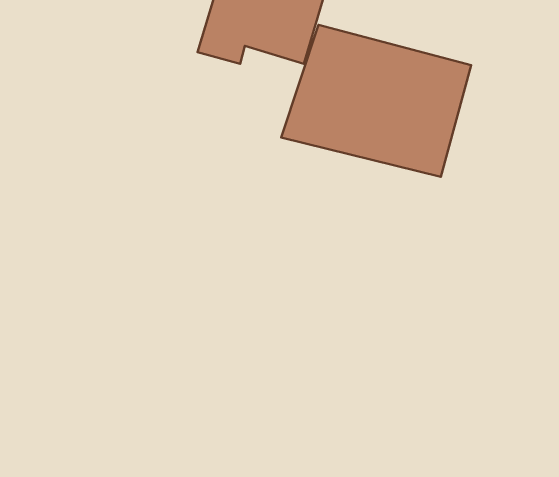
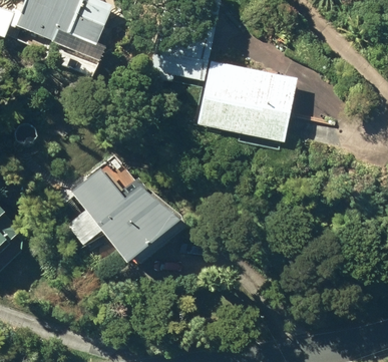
building: none -> [65,170,186,266]

